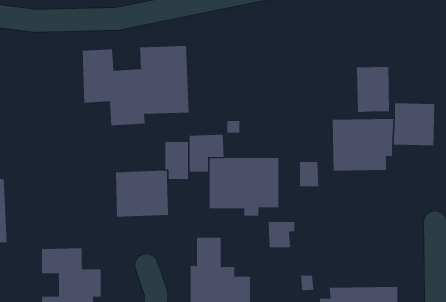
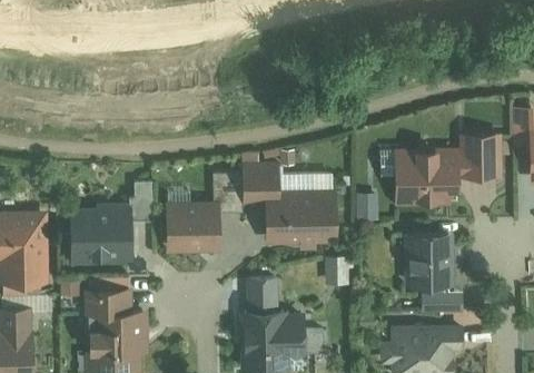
building: [82,45,189,126] -> none
building: [357,66,389,113] -> none
building: none -> [66,183,152,264]
building: none -> [406,236,465,308]

